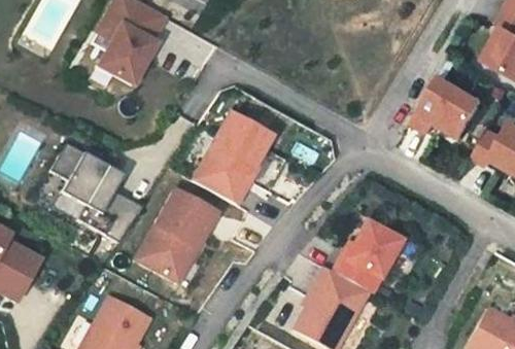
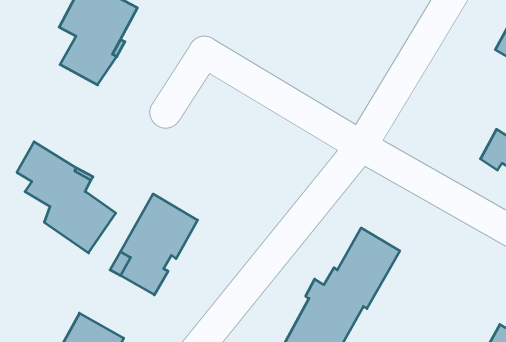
building: [412,76,482,138] -> none
building: [194,110,272,204] -> none

